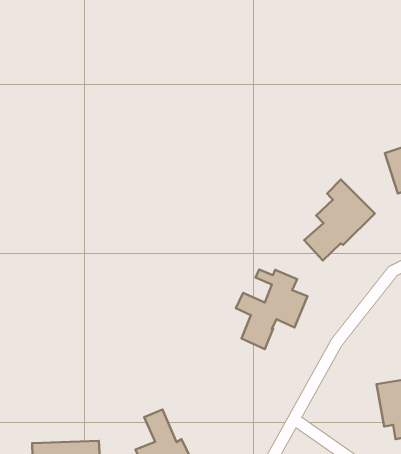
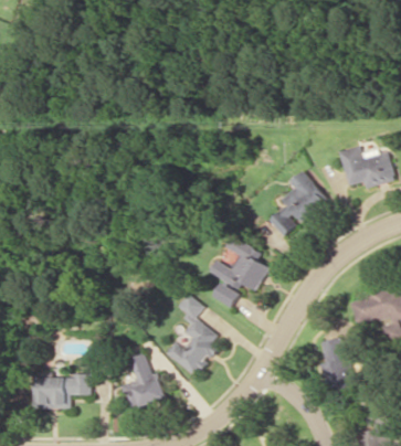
building: none -> [165,294,218,378]

